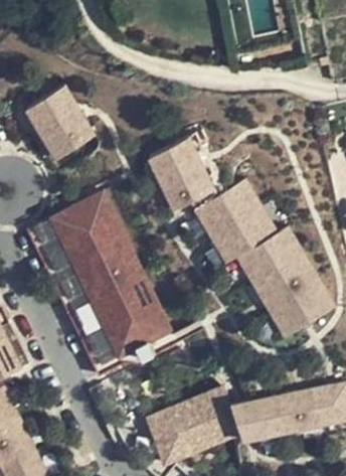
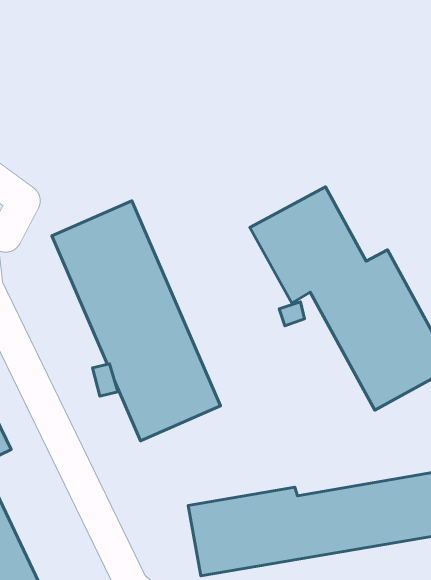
building: [25,87,95,159] -> none
building: [147,136,215,210] -> none

